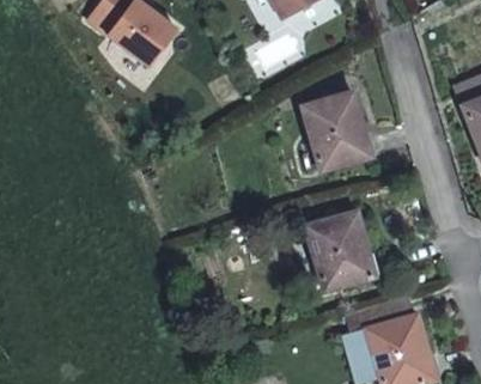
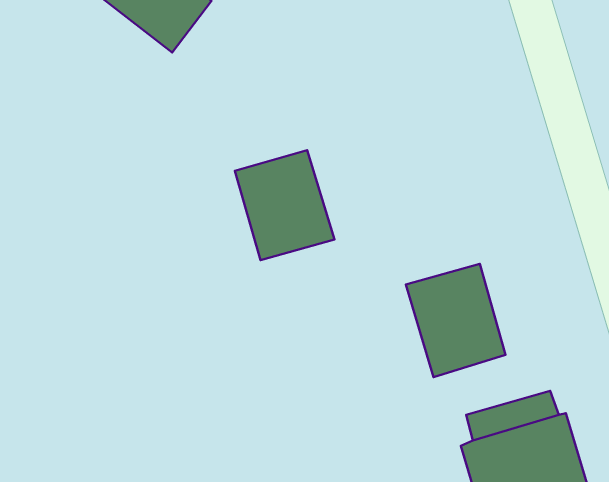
building: [304,96,373,172] -> [235,150,335,260]

